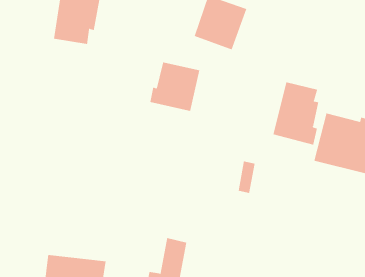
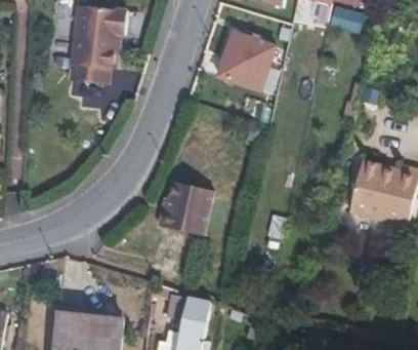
building: [150,62,200,111] -> [158,182,213,236]
building: [273,81,319,146] -> none

